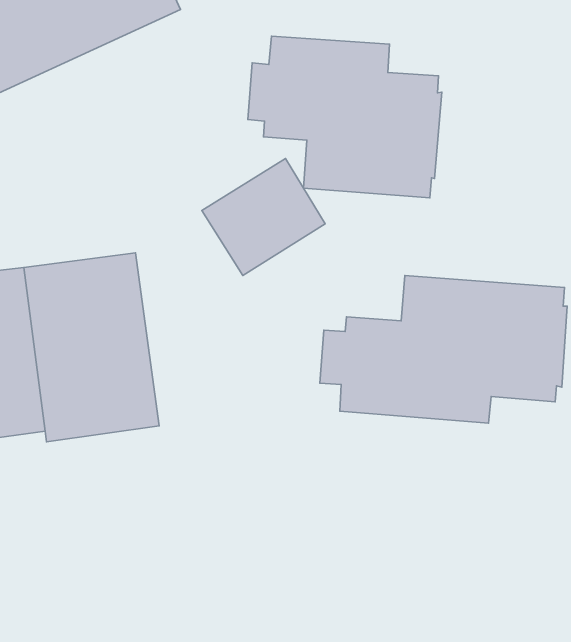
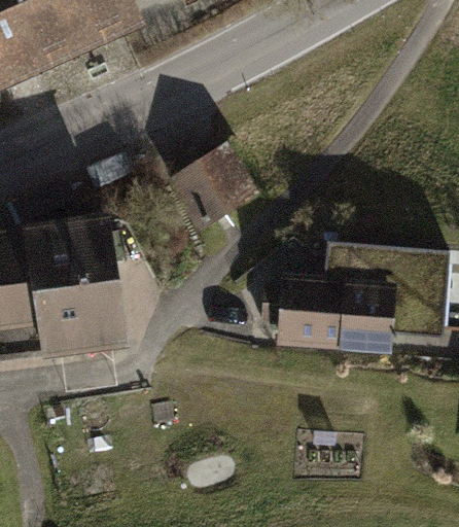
building: [248,36,442,198] -> none

